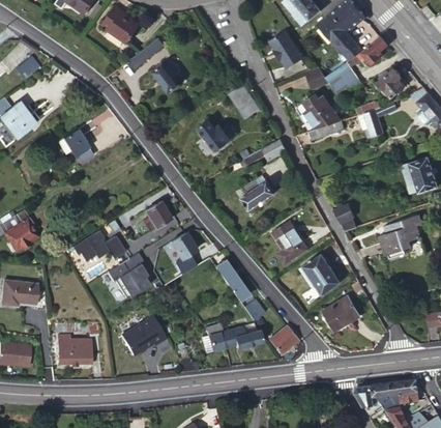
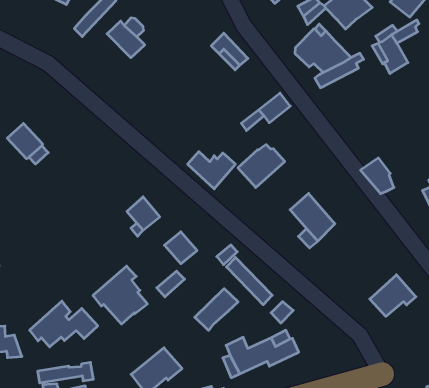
building: [198,118,235,149] -> [188,152,235,189]
building: [71,228,125,262] -> [30,301,98,347]
building: [299,253,339,294] -> none
building: none -> [195,289,238,330]
building: [268,326,298,354] -> none

